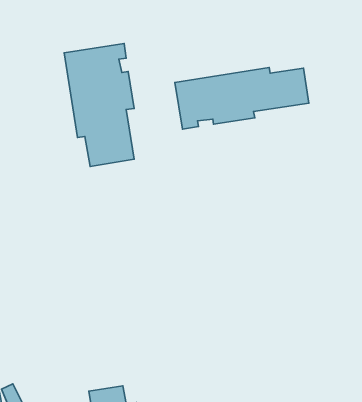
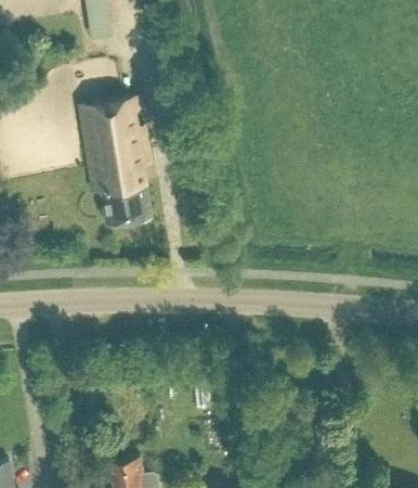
building: [175,68,309,129] -> none

